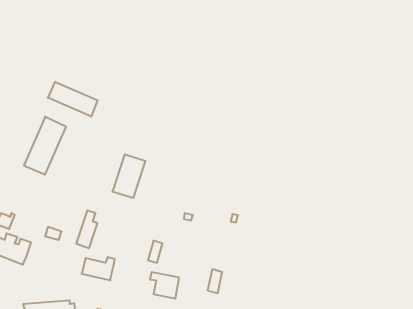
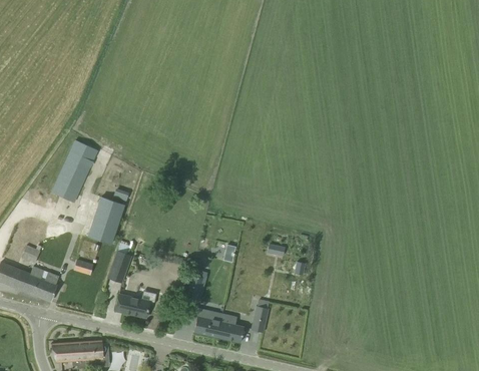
building: [48,82,97,117] -> none
building: [112,155,145,198] -> [88,197,124,244]
building: none -> [216,315,243,343]

